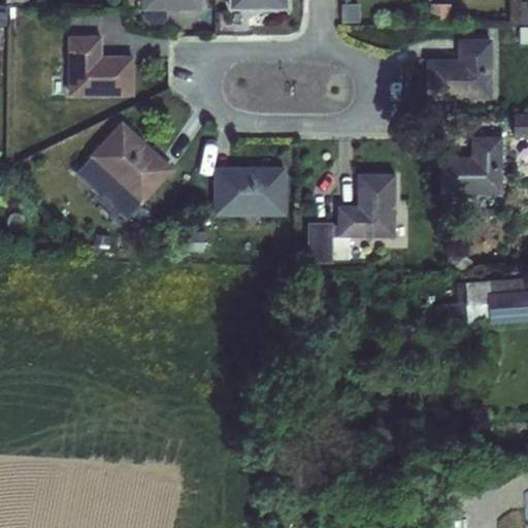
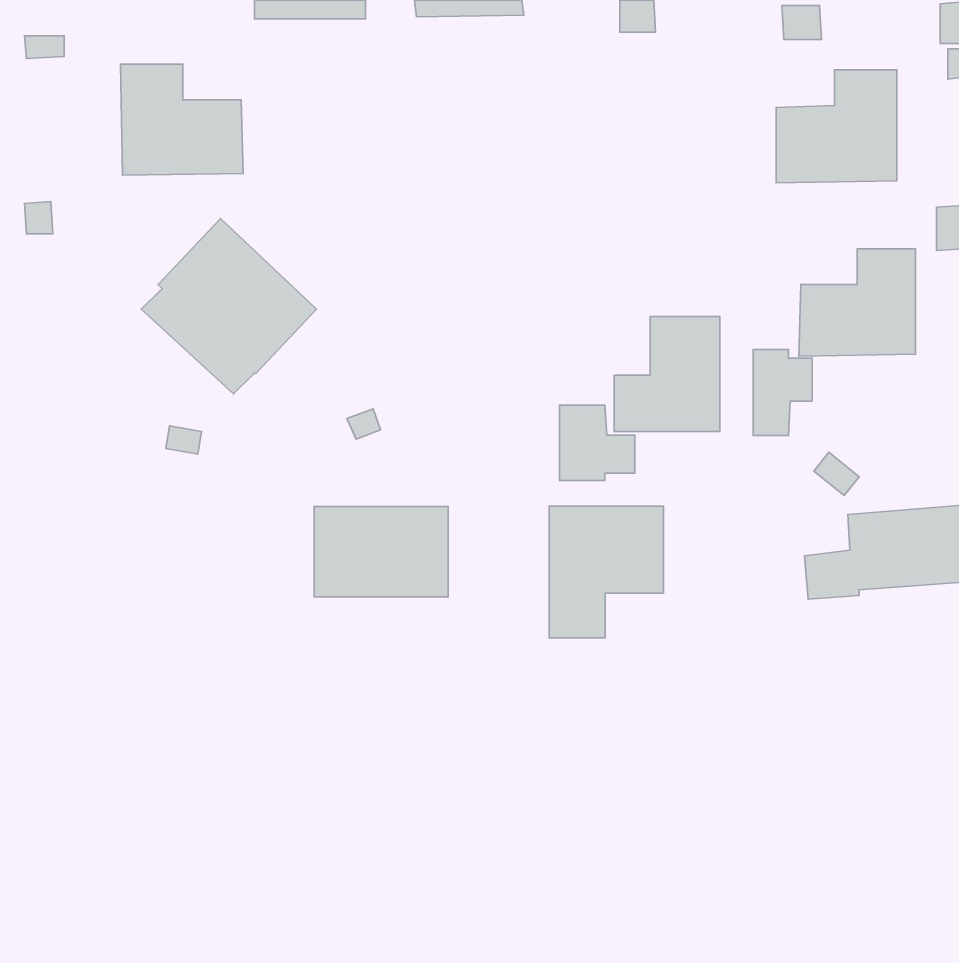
building: [213,166,287,216] -> [314,506,448,597]
building: none -> [753,350,812,435]
building: none -> [549,506,663,638]

